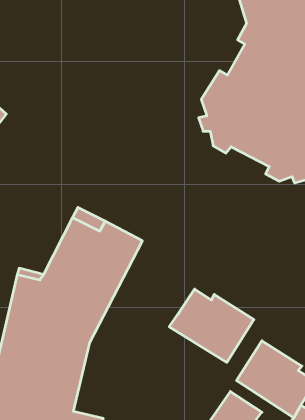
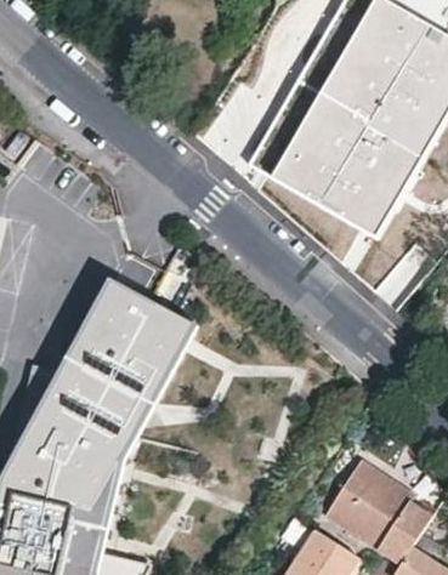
building: [169,289,254,362] -> none

